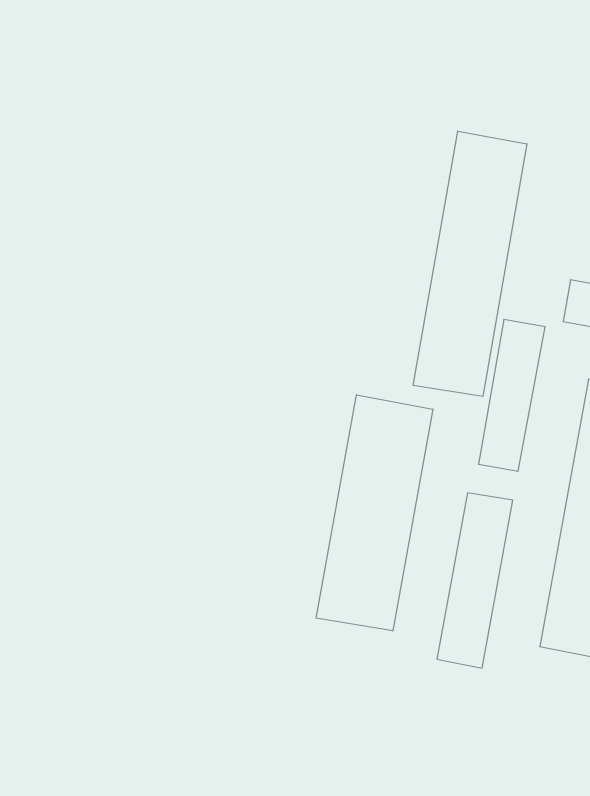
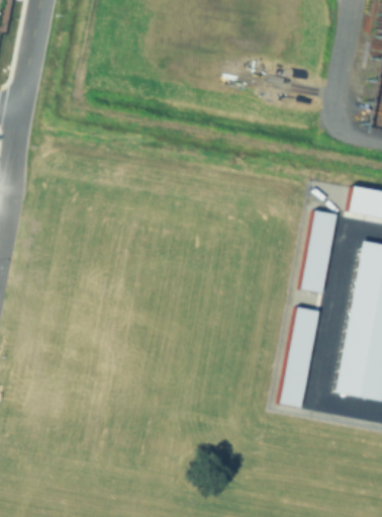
building: [413,131,527,396] -> none
building: [316,395,433,631] -> none

